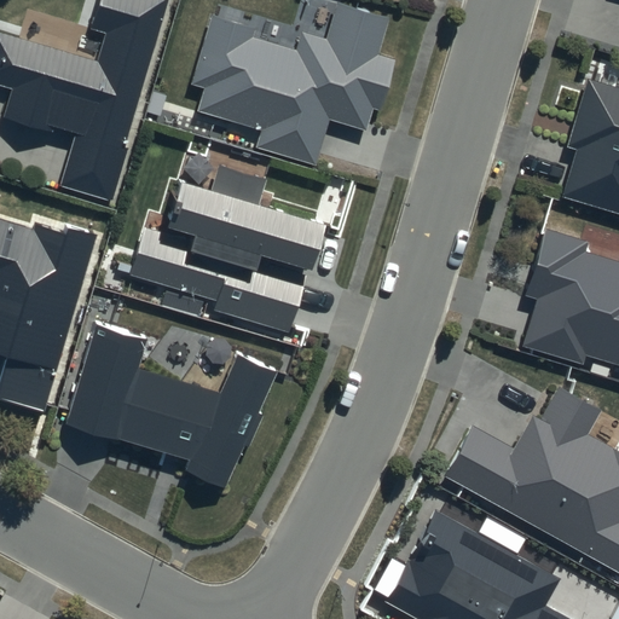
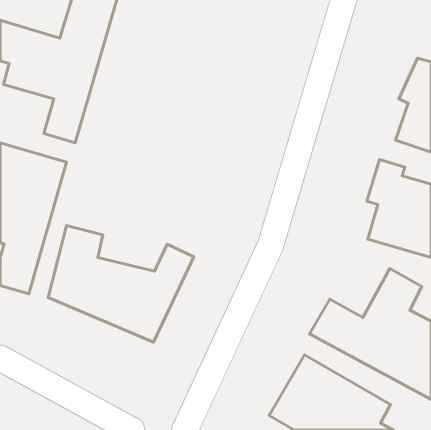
building: [191,6,393,157] -> none
building: [126,181,322,329] -> none

